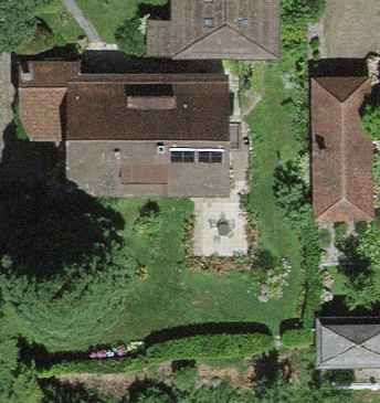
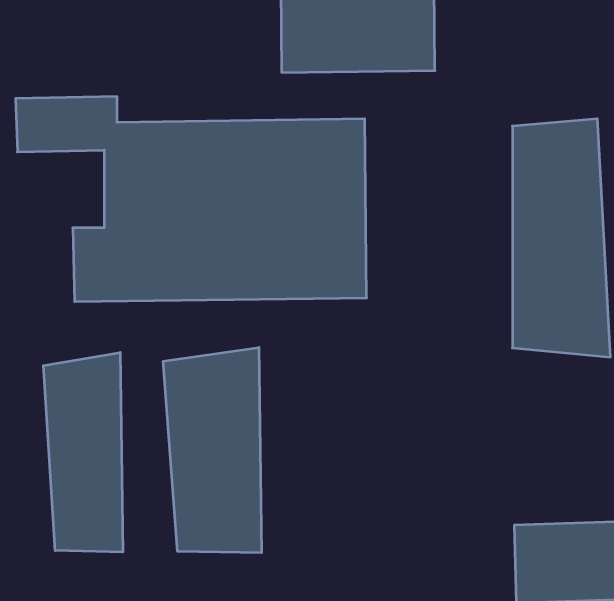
building: none -> [163,347,262,553]
building: none -> [43,352,123,552]

